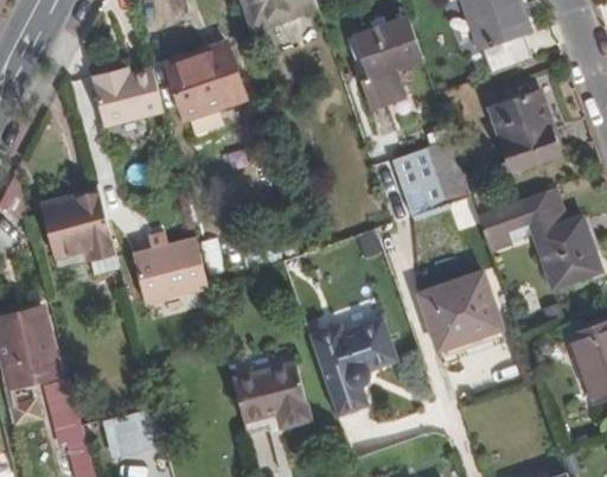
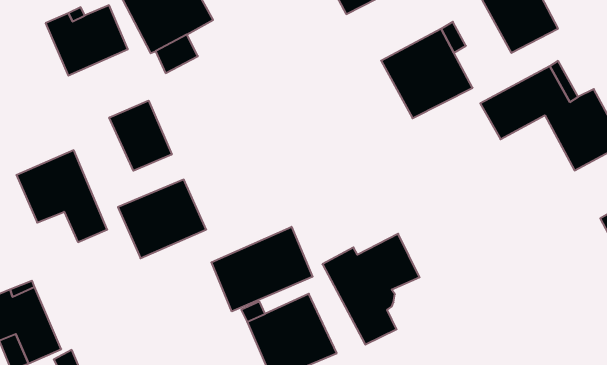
building: none -> [109,101,172,171]
building: [418,273,501,350] -> none
building: none -> [211,227,313,311]

